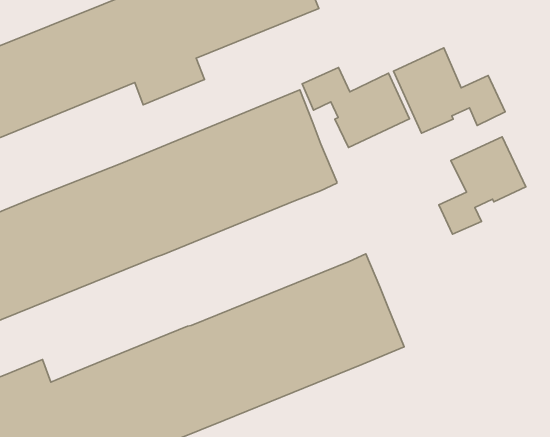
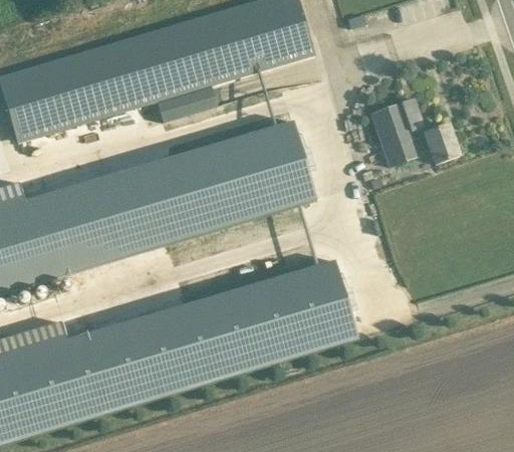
building: [302,68,410,148] -> none
building: [439,137,526,234] -> none

